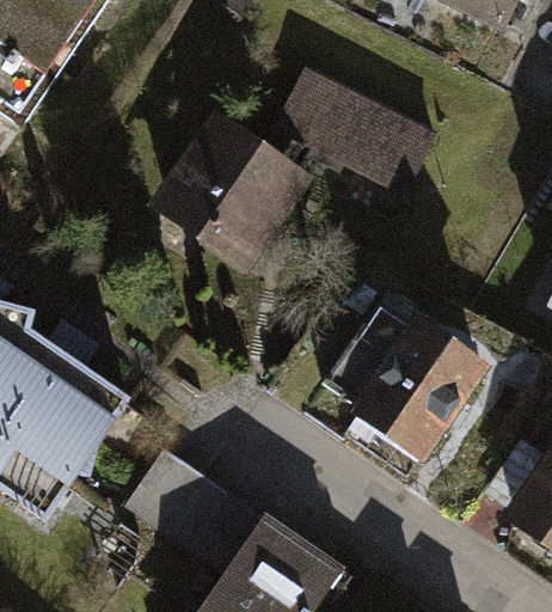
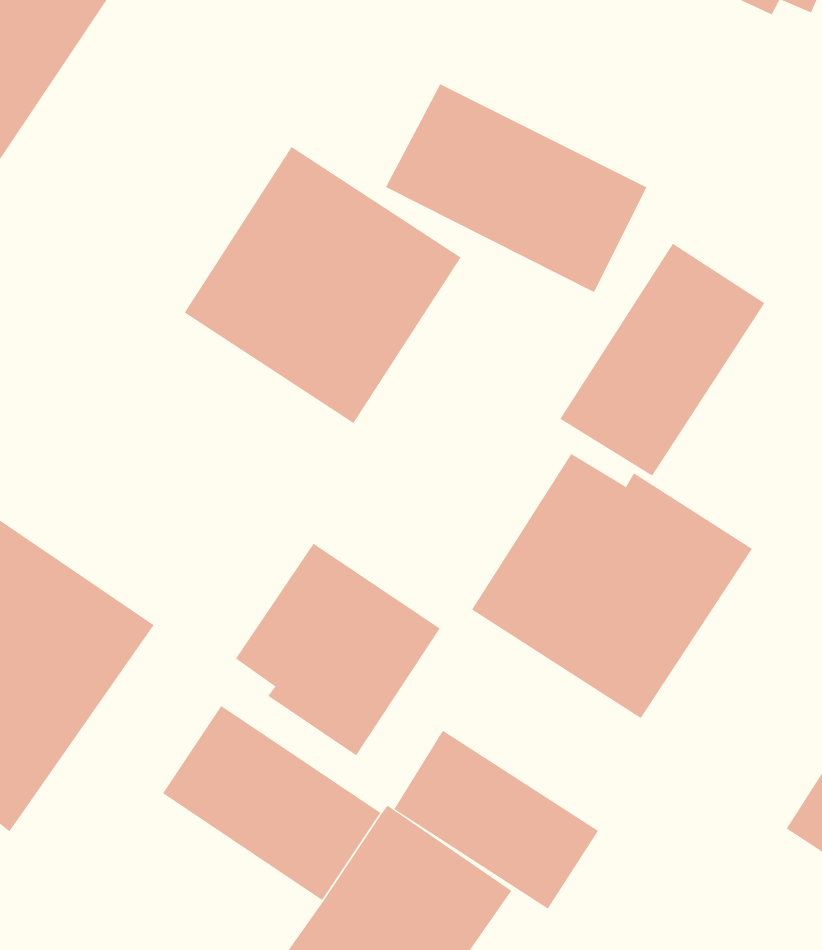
building: none -> [559,243,765,477]
building: none -> [235,543,441,756]
building: none -> [394,730,599,909]

